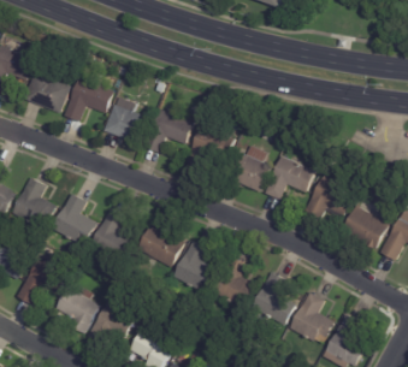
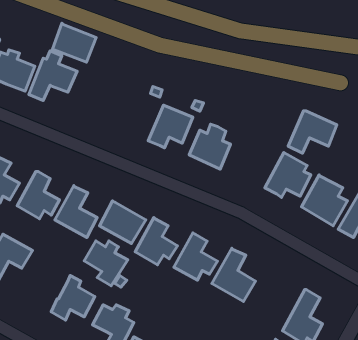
building: [104,102,148,142] -> [52,23,96,62]
building: [143,108,191,152] -> none
building: [265,155,314,199] -> [288,111,337,153]
building: [55,286,100,332] -> [84,241,128,286]
building: [289,291,333,341] -> none

